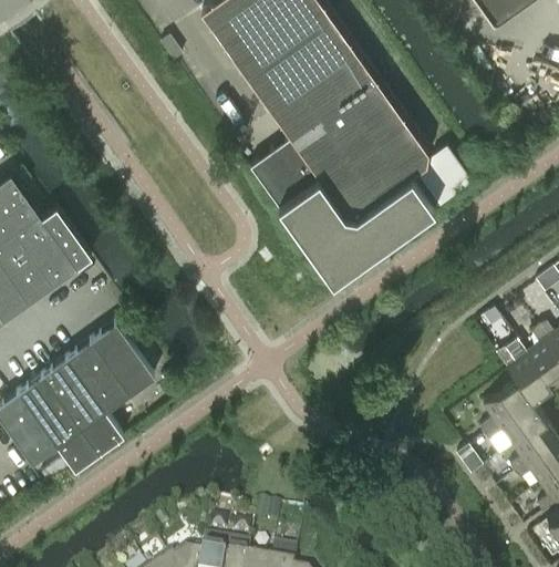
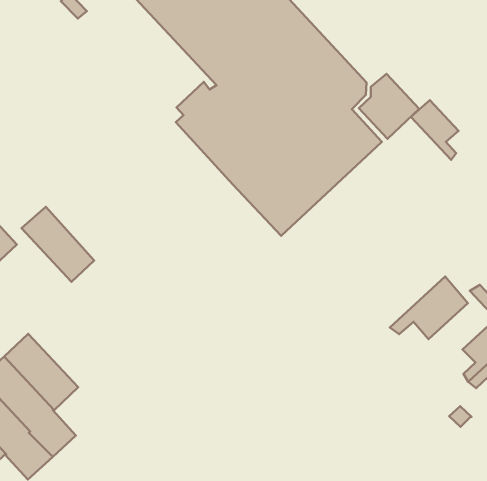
building: none -> [411,100,458,160]
building: [91,326,153,396] -> [22,207,94,282]
building: none -> [390,277,468,339]

